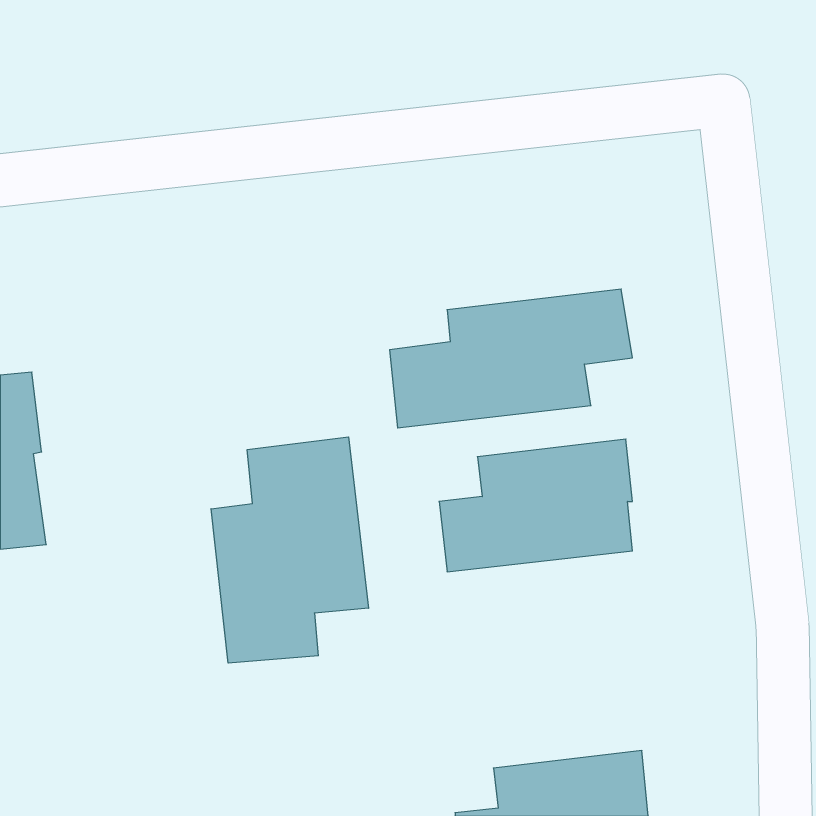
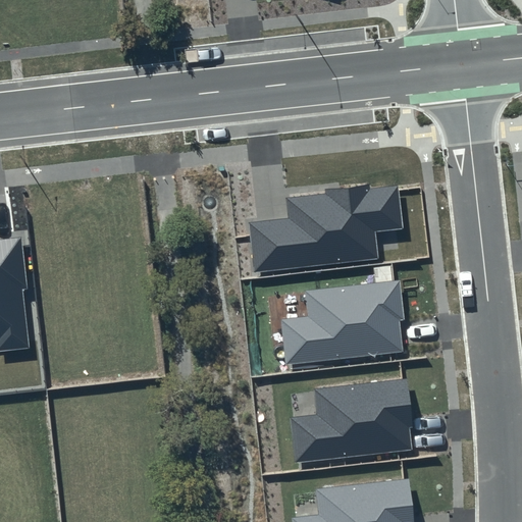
building: [211,437,369,663] -> none
building: none -> [290,379,414,464]

